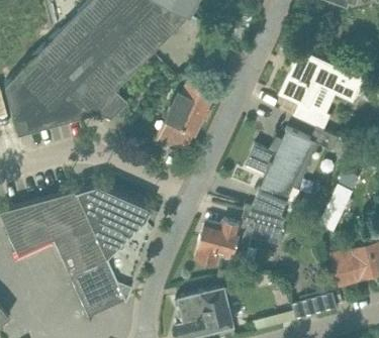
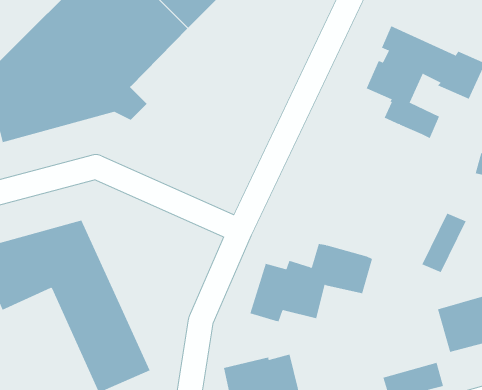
building: [154,84,211,149] -> none
building: [245,129,319,217] -> none
building: [74,185,152,300] -> none

